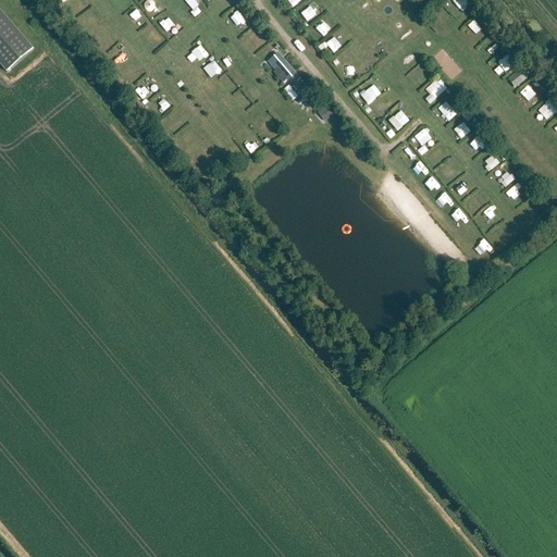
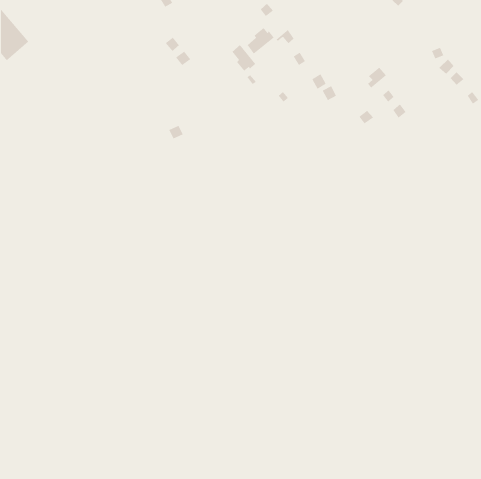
building: none -> [247,27,275,55]

